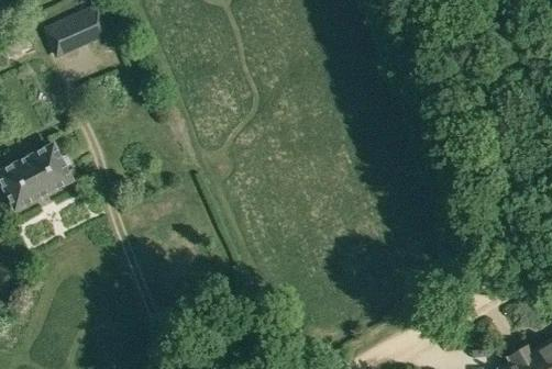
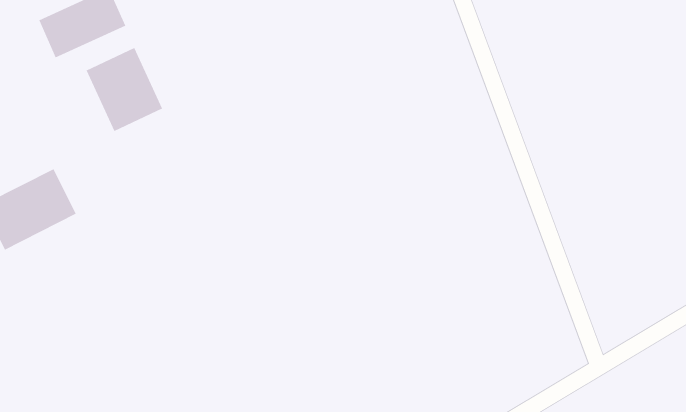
building: none -> [86,47,163,132]

